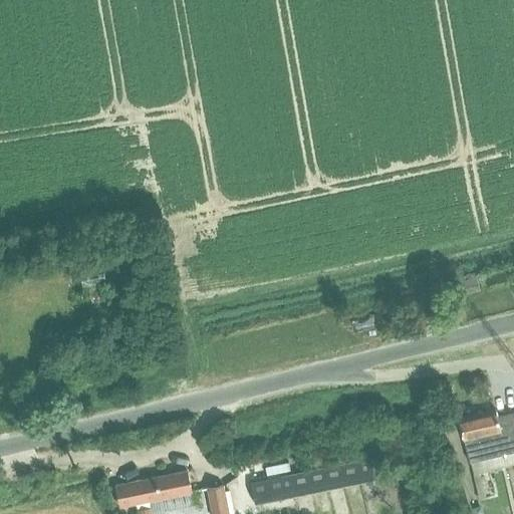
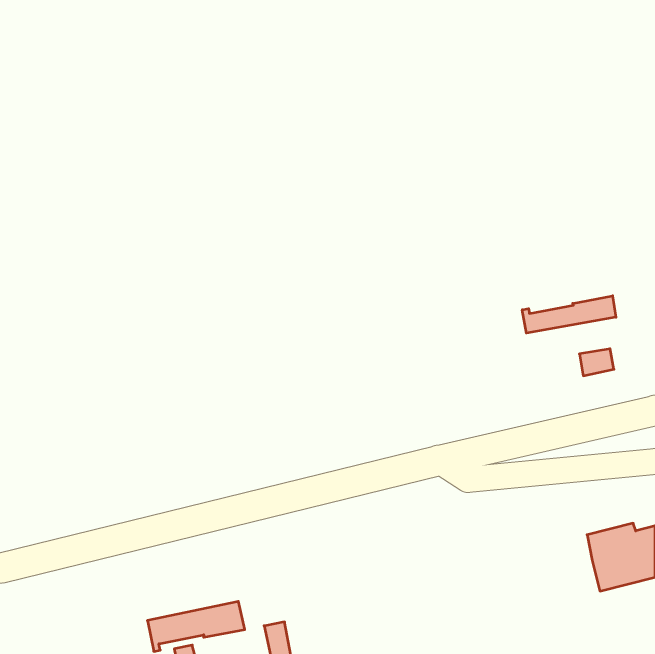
building: none -> [522,296,616,333]
building: [251,459,375,504] -> none

